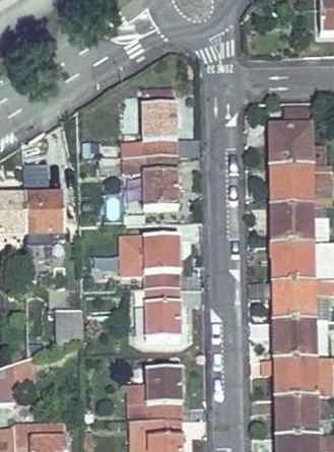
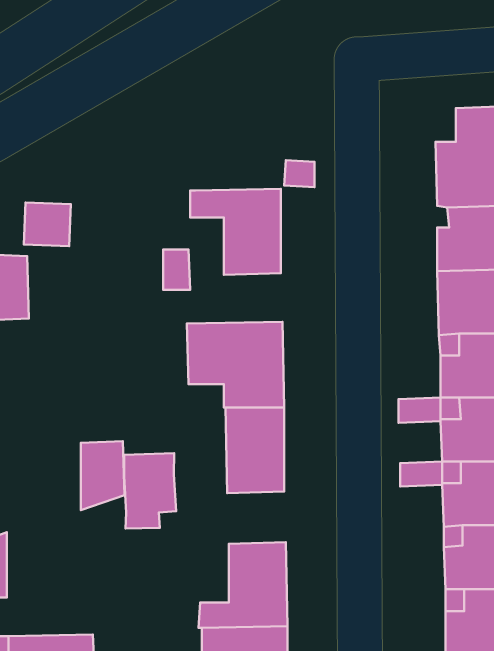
building: [125,87,177,157] -> none
building: [23,196,63,240] -> none
building: none -> [124,453,176,529]

